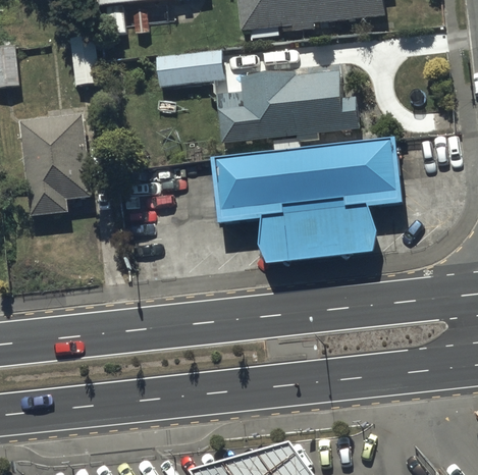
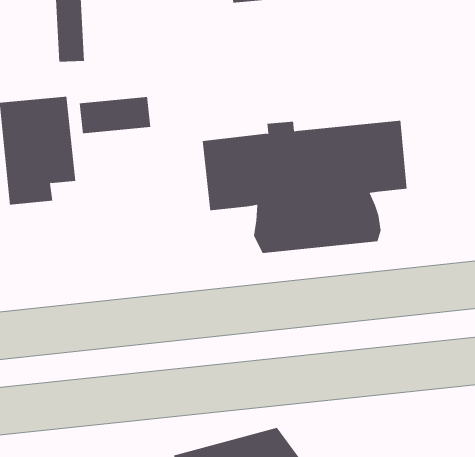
building: [155,51,222,86] -> [79,97,151,134]
building: [215,70,358,142] -> none

